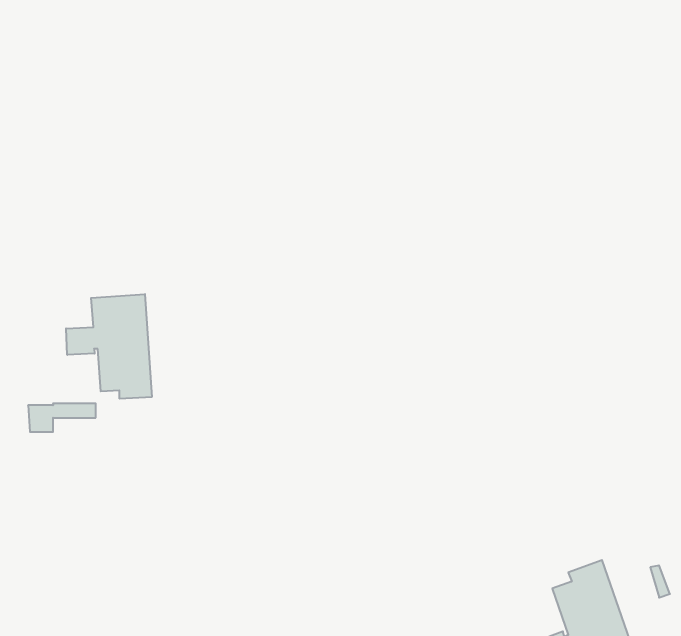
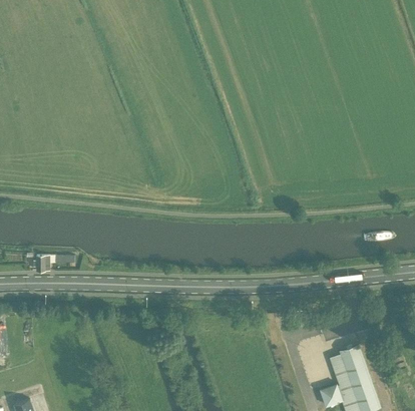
building: [66,294,152,399] -> none

